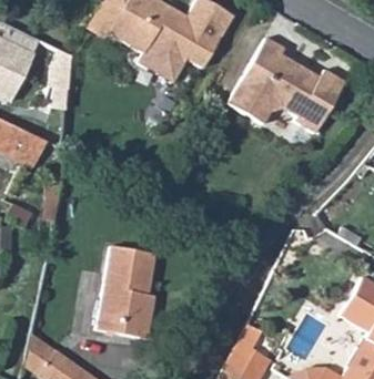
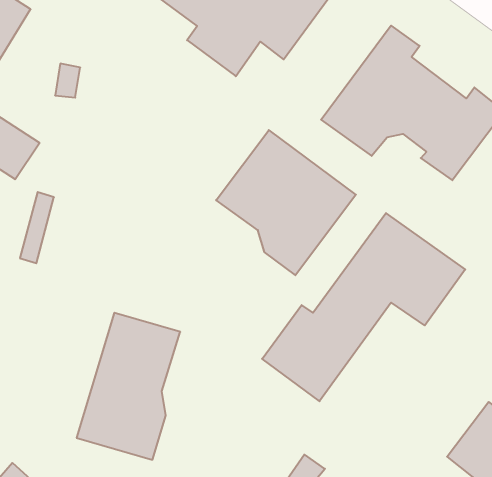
building: none -> [216,130,356,275]
building: none -> [262,213,465,401]

